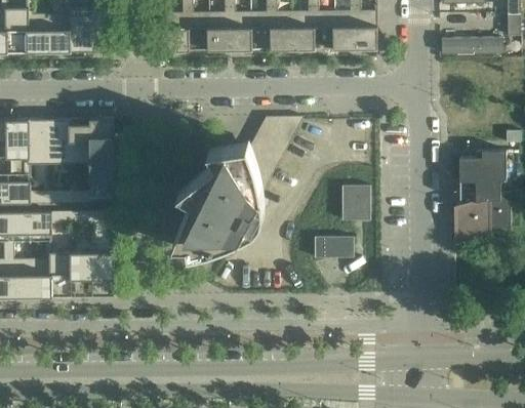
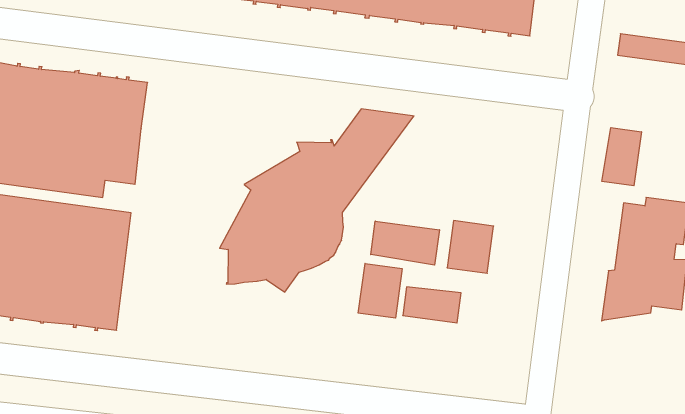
building: none -> [602,128,641,186]
building: none -> [371,221,439,265]
building: none -> [358,263,402,318]

